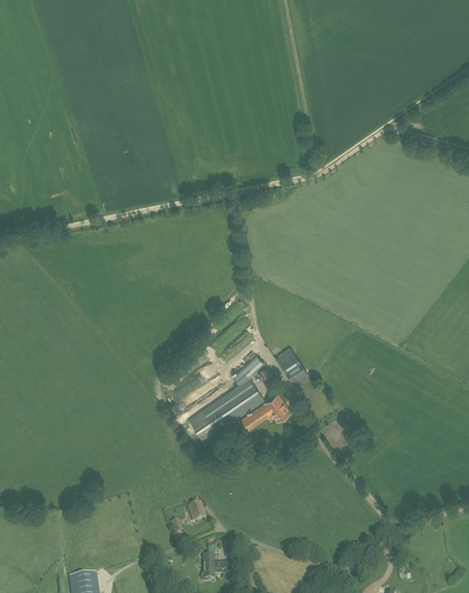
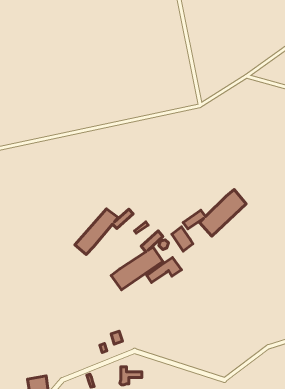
building: none -> [183,189,246,236]
building: none -> [75,209,133,255]

